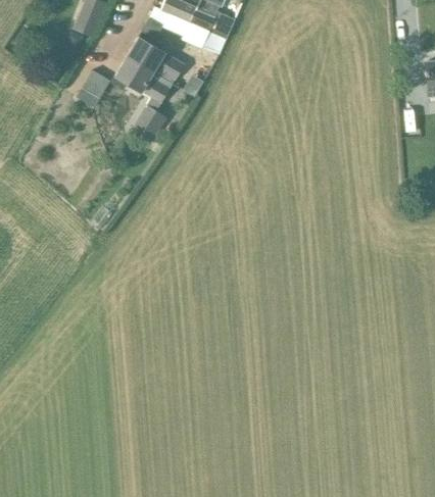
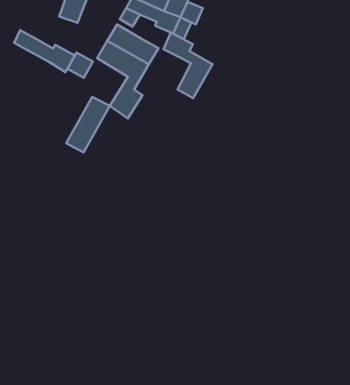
building: none -> [14,30,75,72]
building: none -> [164,33,212,98]
building: none -> [66,97,110,152]

